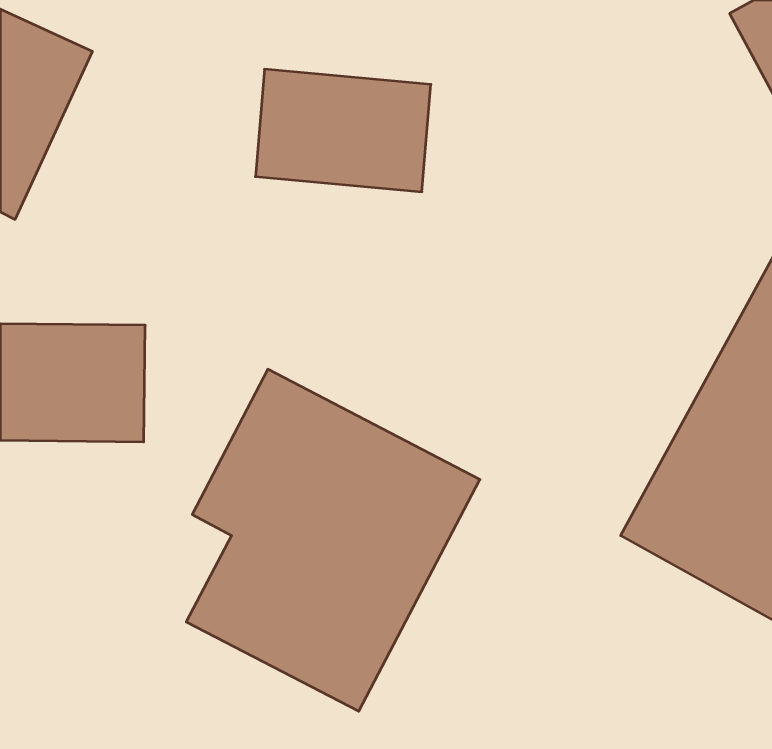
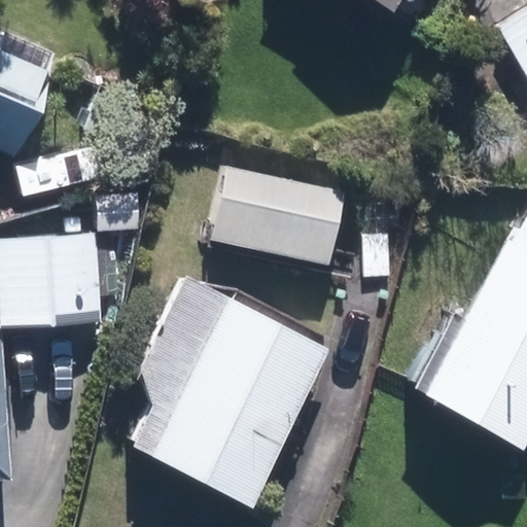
building: [255,69,431,192] -> [218,164,338,247]

